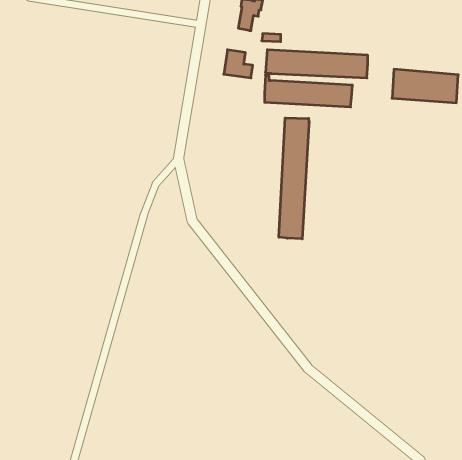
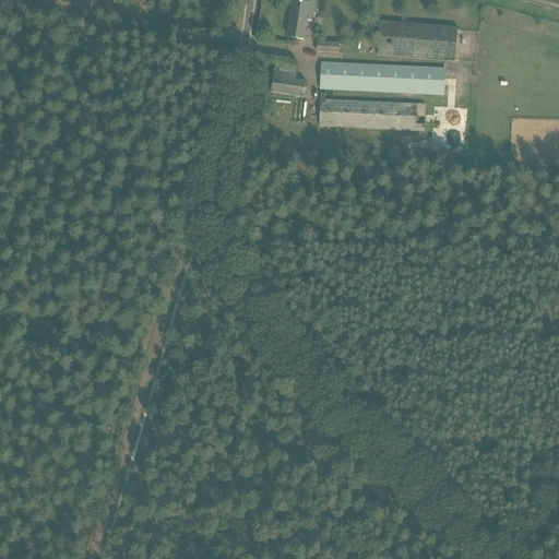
building: [392,69,458,103] -> [377,19,456,59]
building: [279,118,309,239] -> none

